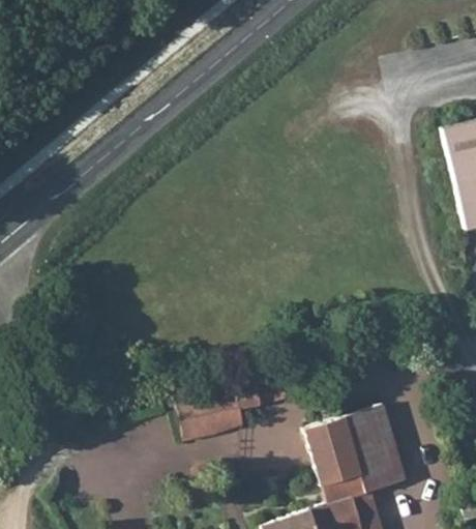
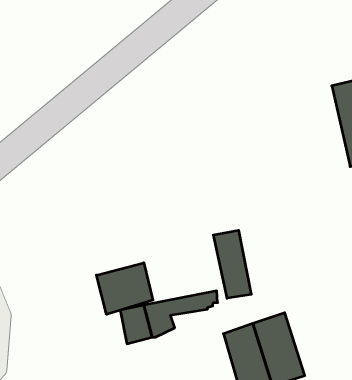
building: none -> [213,230,251,298]
building: none -> [96,263,153,314]

